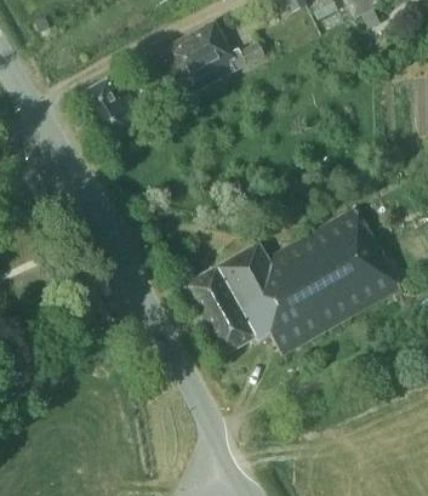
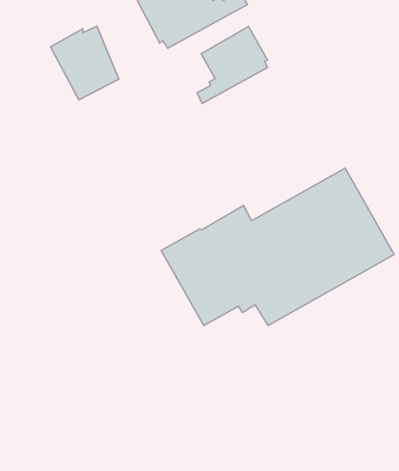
building: none -> [197,27,268,103]

